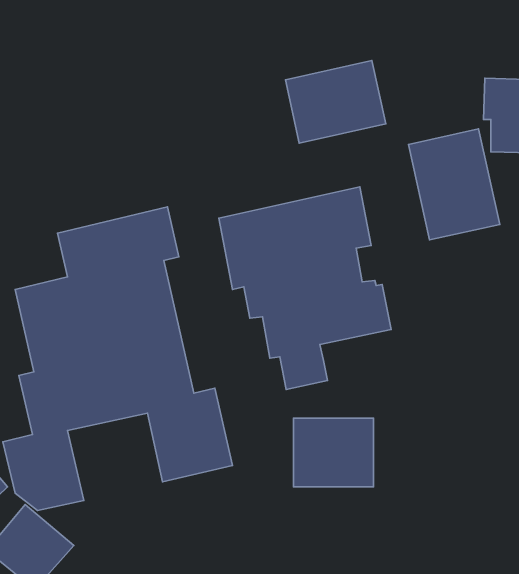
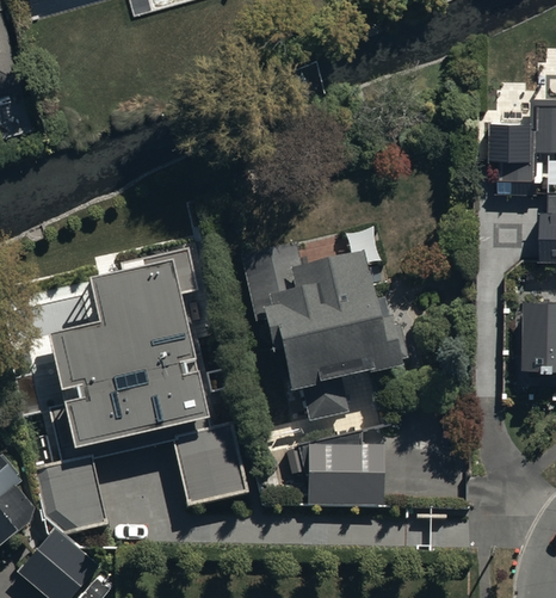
building: [285,61,386,143] -> none
building: [408,129,500,240] -> none

